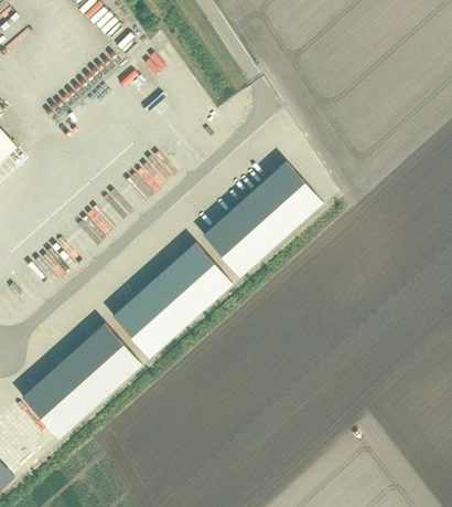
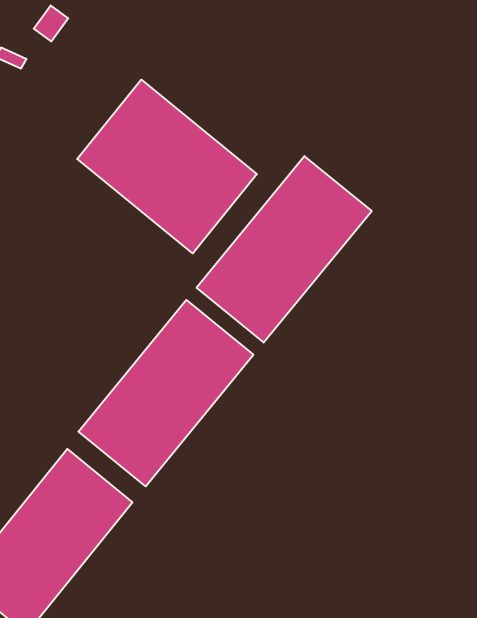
building: none -> [77,80,257,253]

